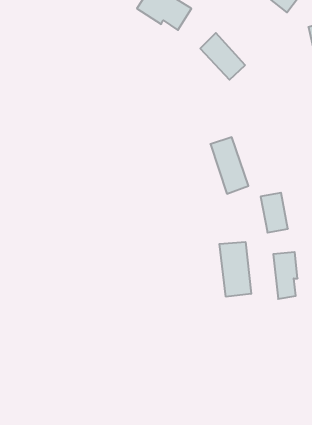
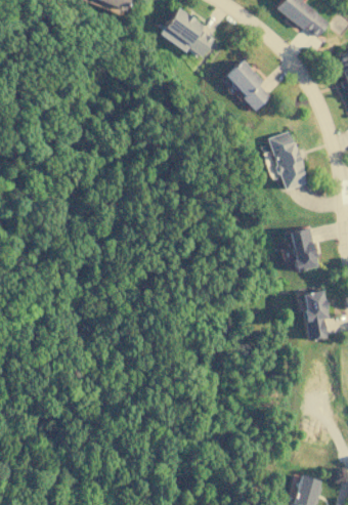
building: [210,137,248,194] -> [267,130,307,190]
building: [219,242,251,297] -> none

